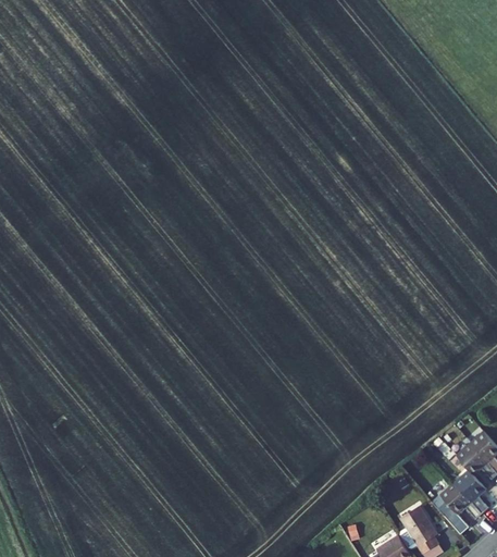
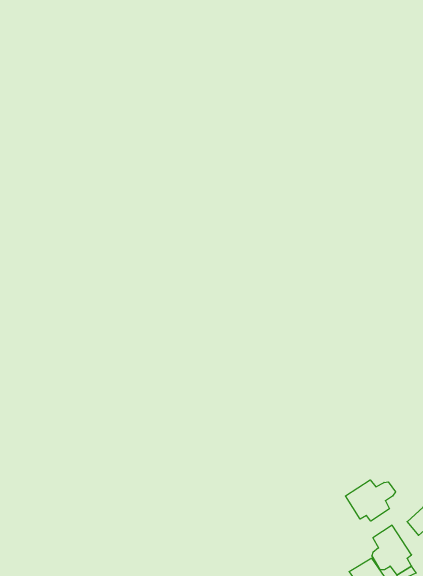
building: none -> [345,480,396,521]

